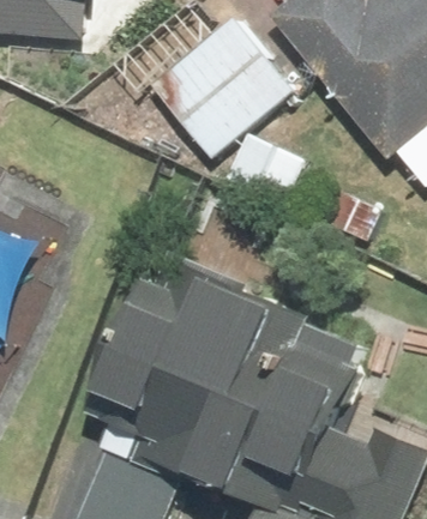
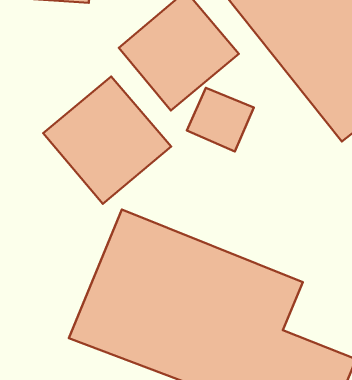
building: none -> [43,77,171,204]

